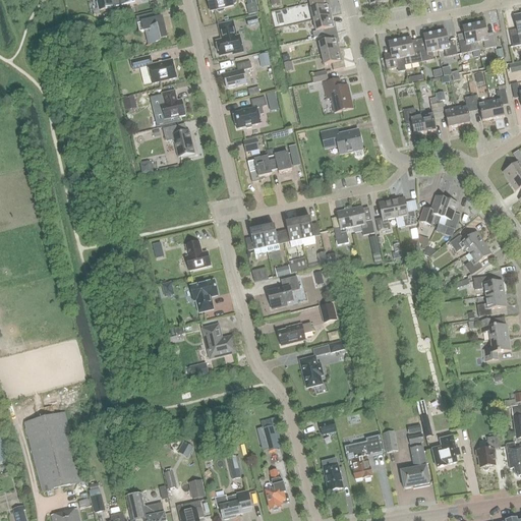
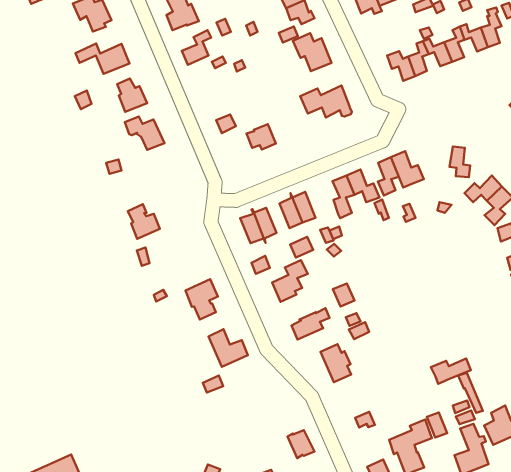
building: [233,95,267,127] -> none
building: [247,156,272,180] -> none
building: [419,194,447,224] -> none
building: [185,240,211,270] -> [128,204,160,239]
building: none -> [431,359,471,384]

